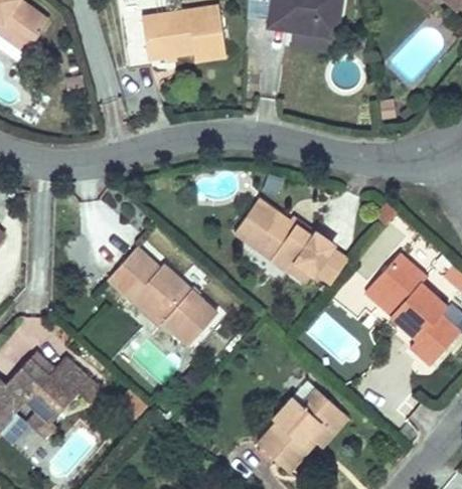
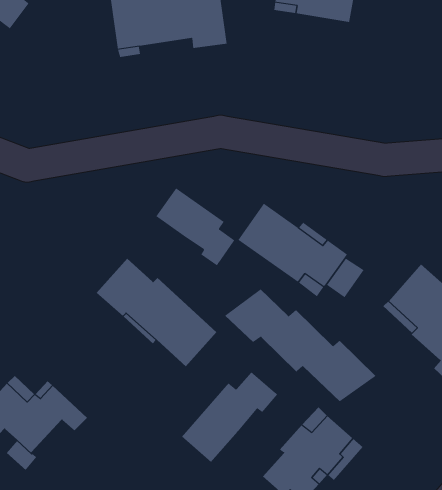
building: none -> [155,187,235,266]
building: none -> [224,289,377,402]
building: none -> [181,372,278,463]

